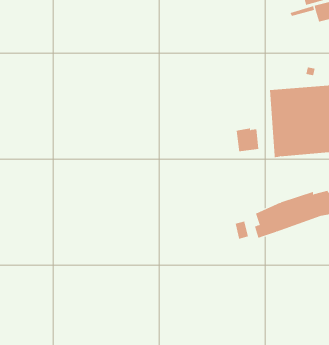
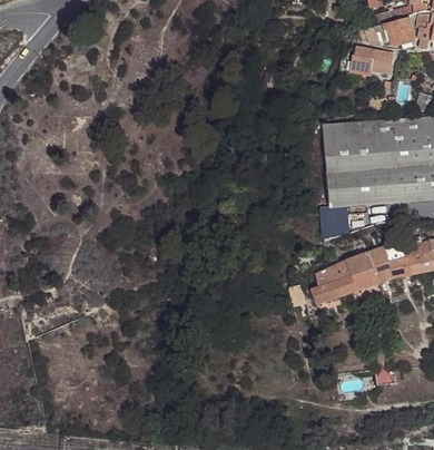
building: none -> [351,47,394,75]
building: [236,128,259,152] -> [320,204,348,233]

